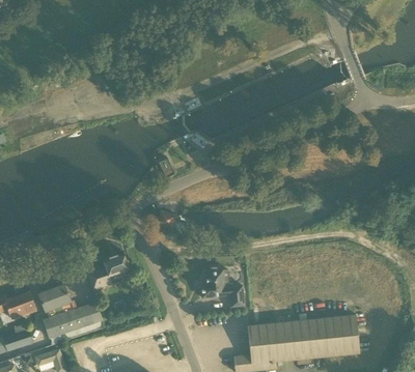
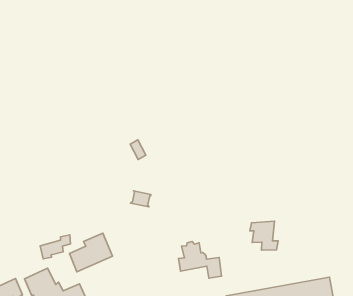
building: none -> [40,235,71,259]
building: none -> [250,221,278,250]

